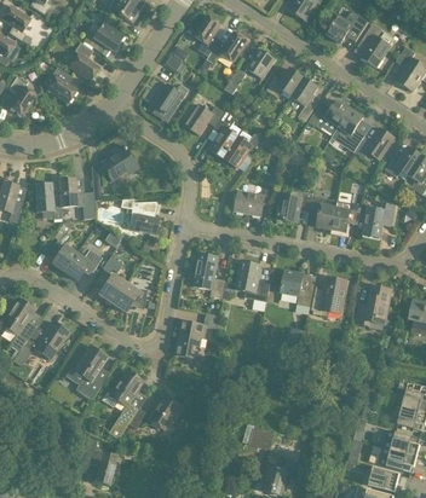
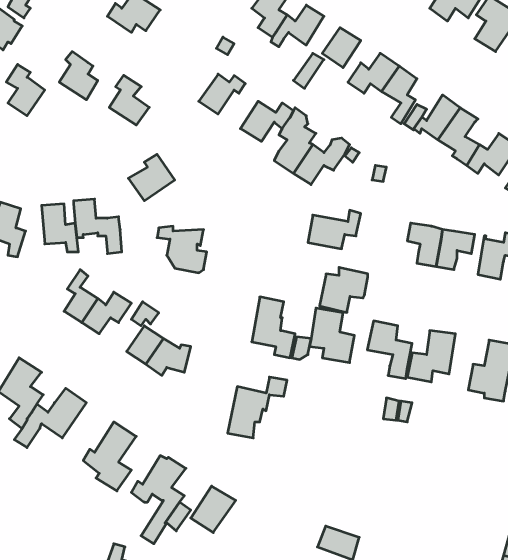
building: [69,42,99,80] -> [109,75,149,125]
building: [276,189,312,222] -> [320,267,368,312]

